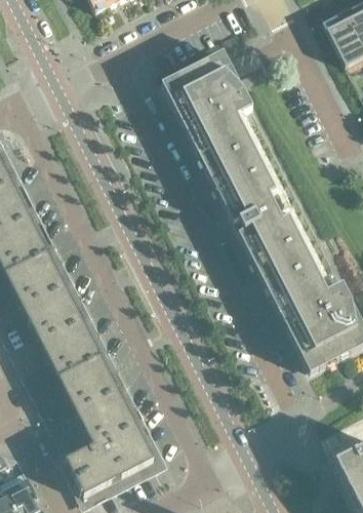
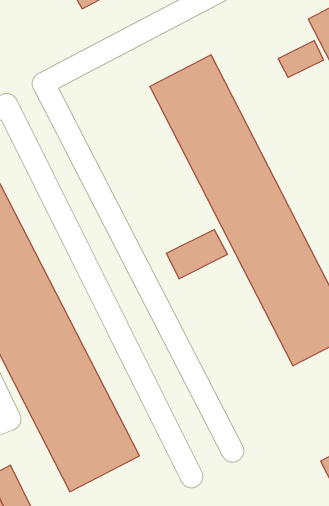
building: none -> [278,40,324,77]
building: none -> [167,230,227,279]

